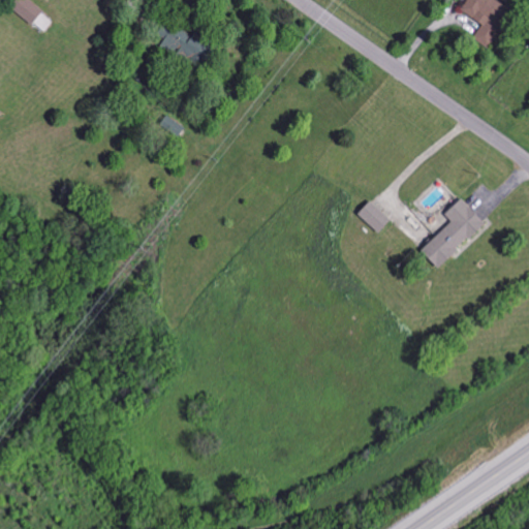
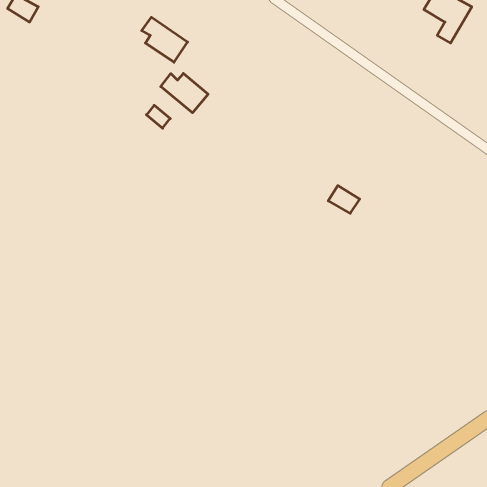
building: none -> [161,73,208,113]
building: [419,197,485,267] -> none

